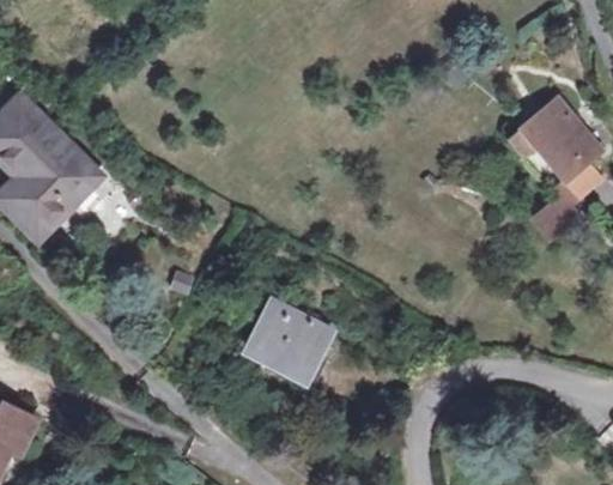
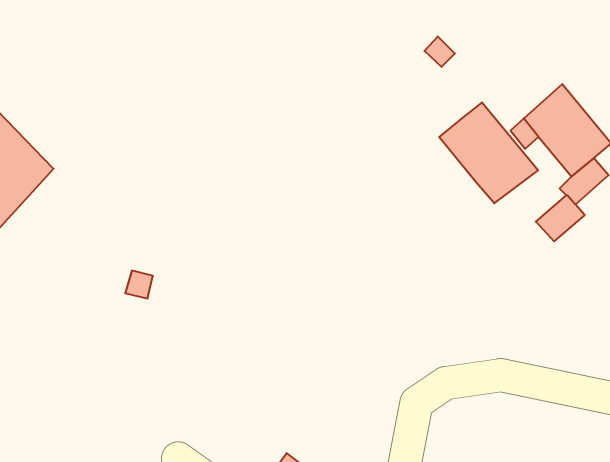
building: none -> [439,102,538,203]
building: [248,299,333,378] -> none

